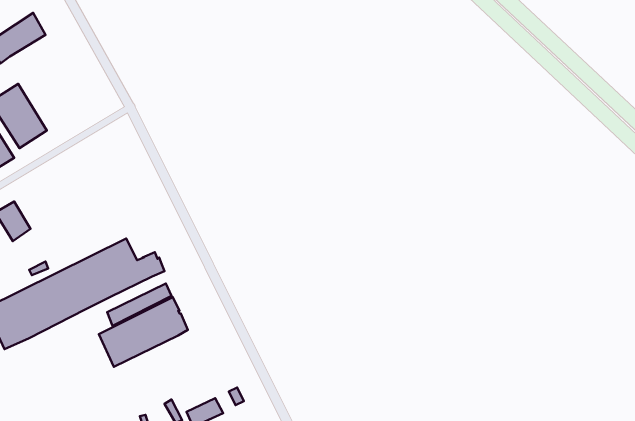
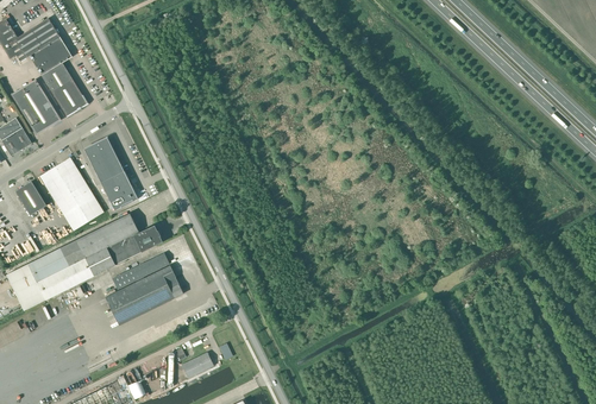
building: none -> [27,36,87,115]
building: none -> [84,138,136,208]
building: none -> [39,157,103,231]

